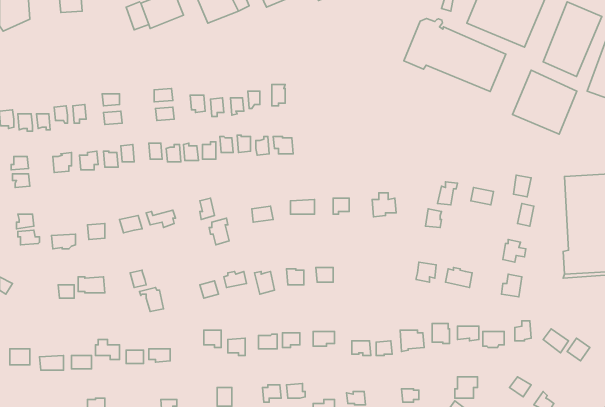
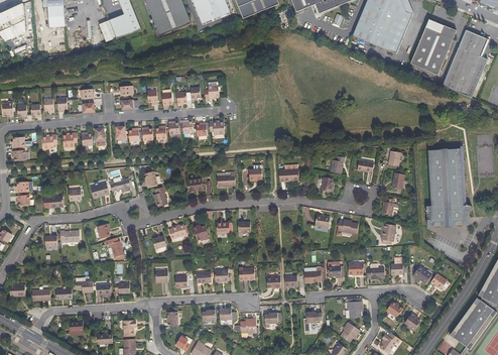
building: [404,18,506,92] -> none
building: [512,70,577,134] -> none

